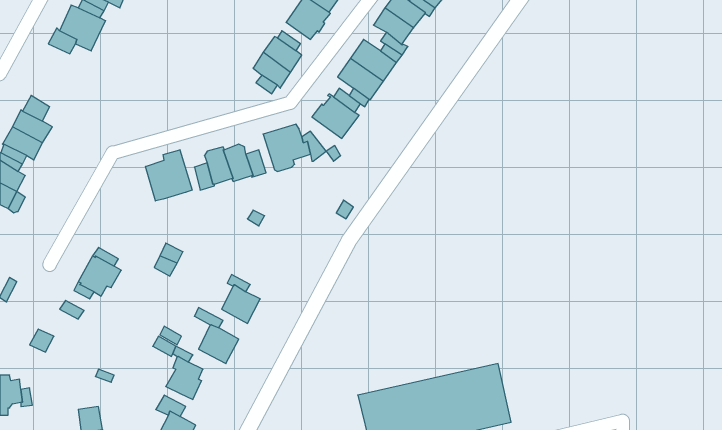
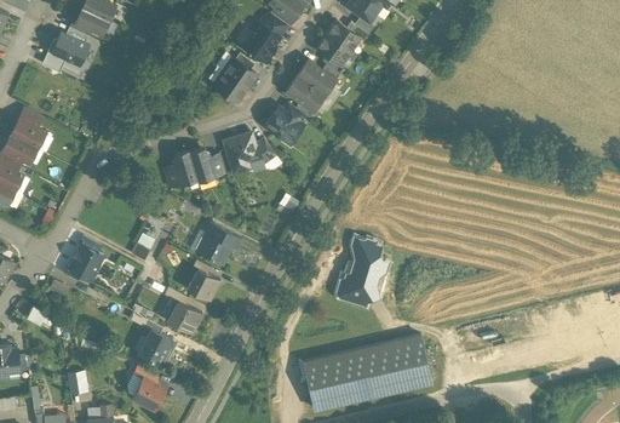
building: [146,150,192,201] -> none
building: none -> [200,222,241,265]
building: none -> [337,239,386,305]

